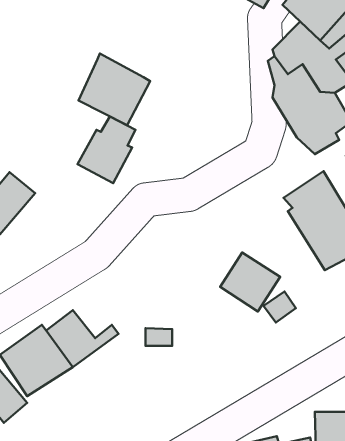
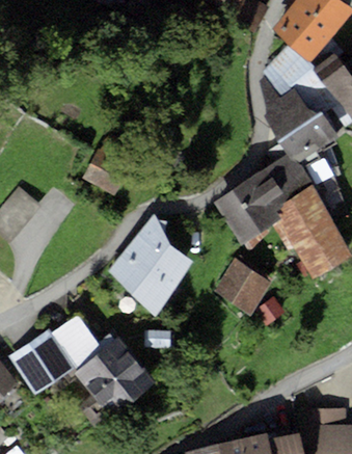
building: [78,54,150,125] -> none
building: none -> [215,154,310,244]
building: none -> [108,214,193,318]
building: none -> [72,337,156,419]

